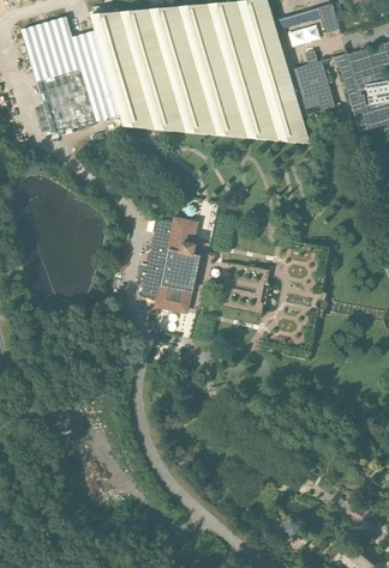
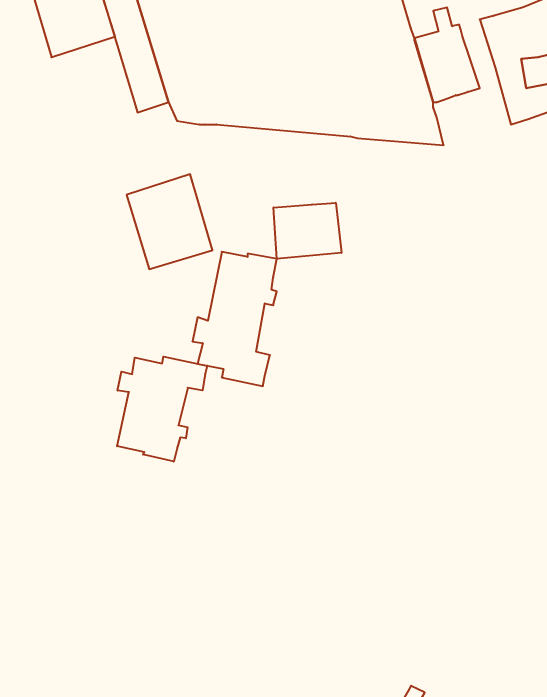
building: [38,68,98,134] -> [127,174,213,269]
building: none -> [274,203,341,259]
building: none -> [117,357,207,462]

